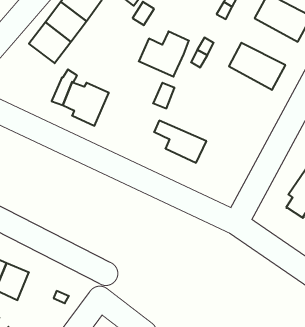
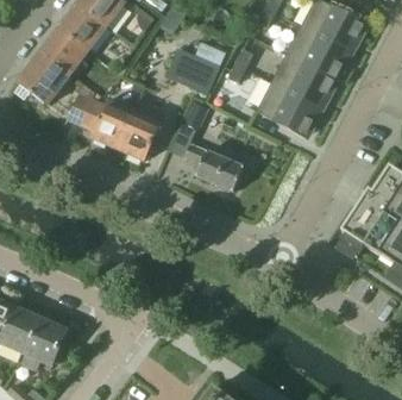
building: none -> [285,24,351,79]
building: none -> [14,54,69,106]
building: none -> [256,80,321,135]
building: none -> [115,111,159,161]
building: none -> [26,319,67,364]

